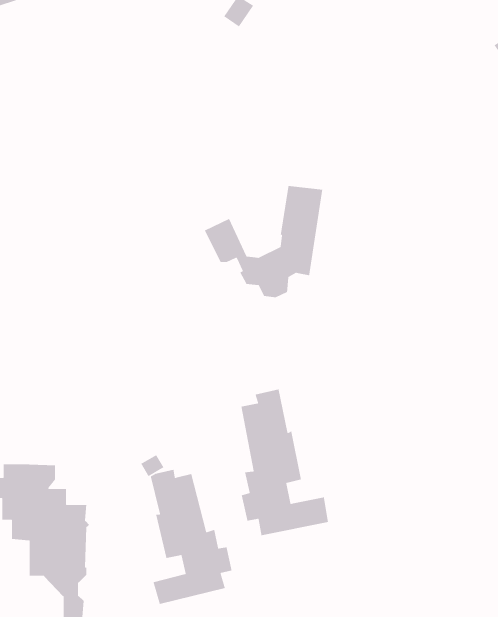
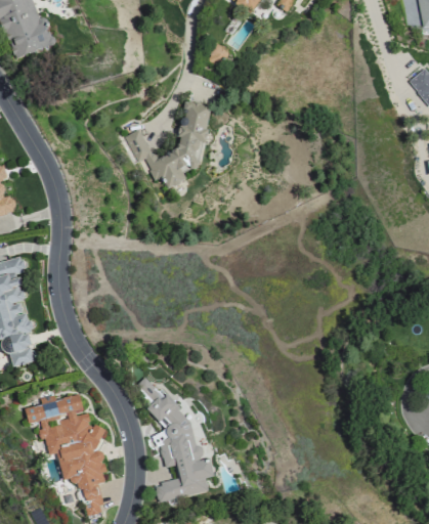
building: [204,185,323,298] -> [121,101,211,186]
building: [240,389,329,536] -> none

